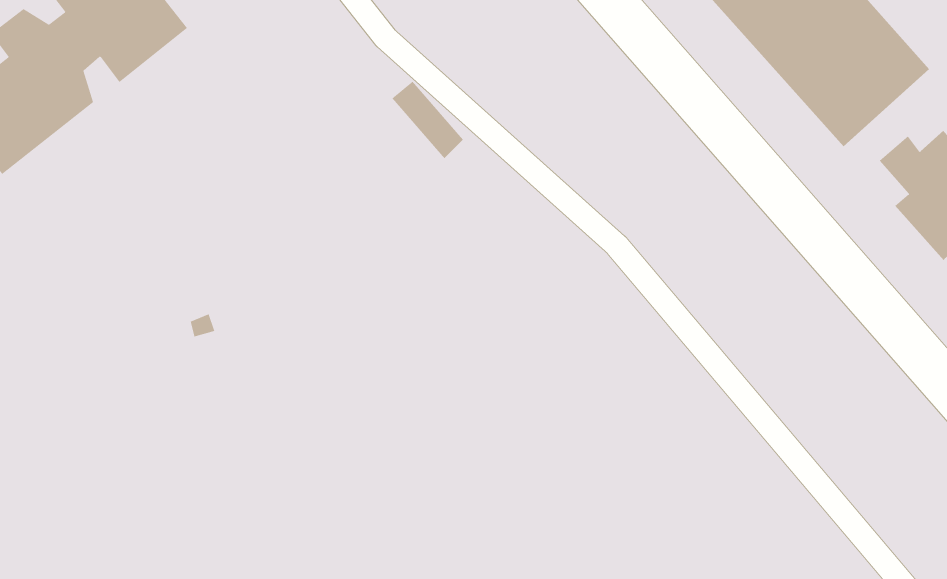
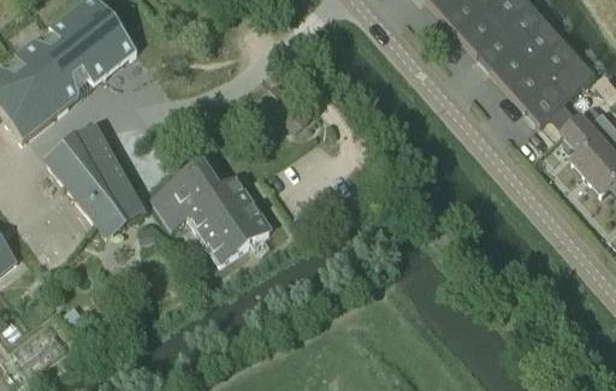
building: none -> [46,134,141,233]
building: none -> [152,167,268,262]

